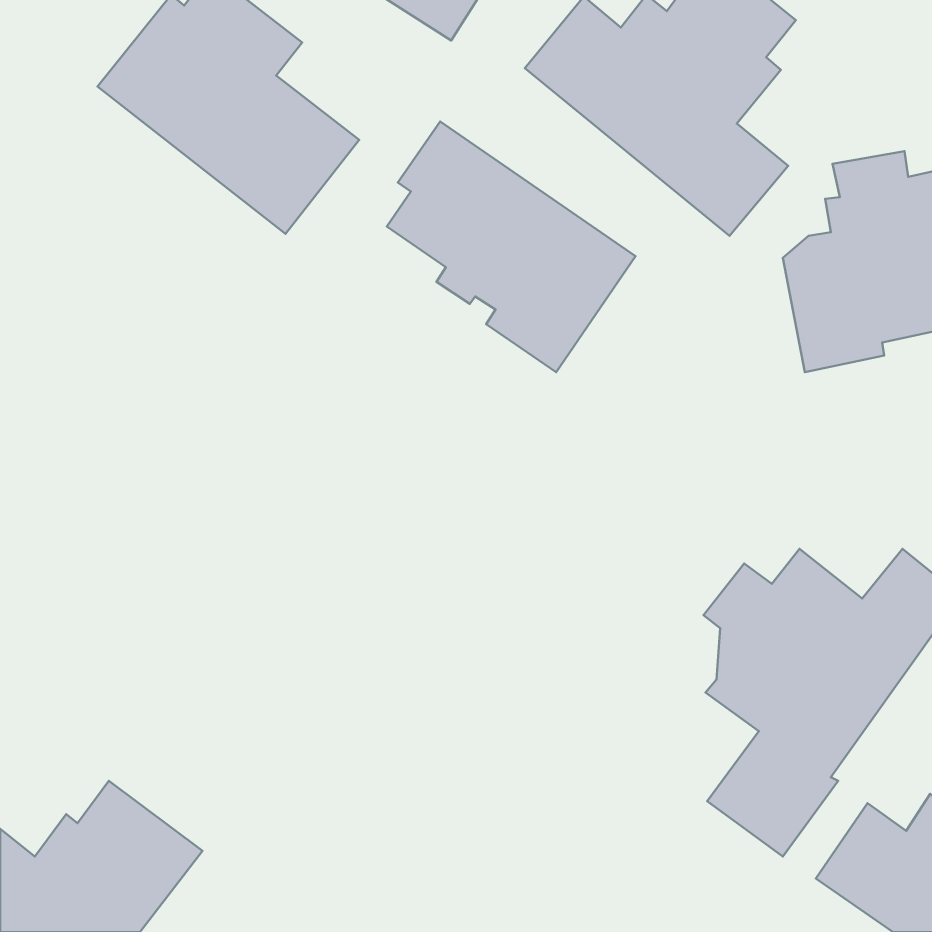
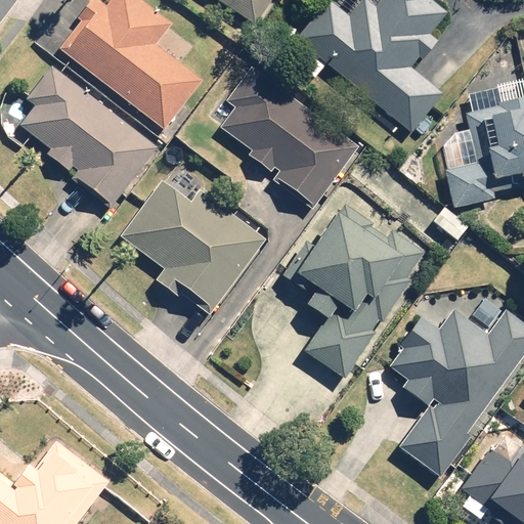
building: none -> [12,67,159,209]
building: none -> [120,179,267,309]
building: none -> [292,202,429,379]

